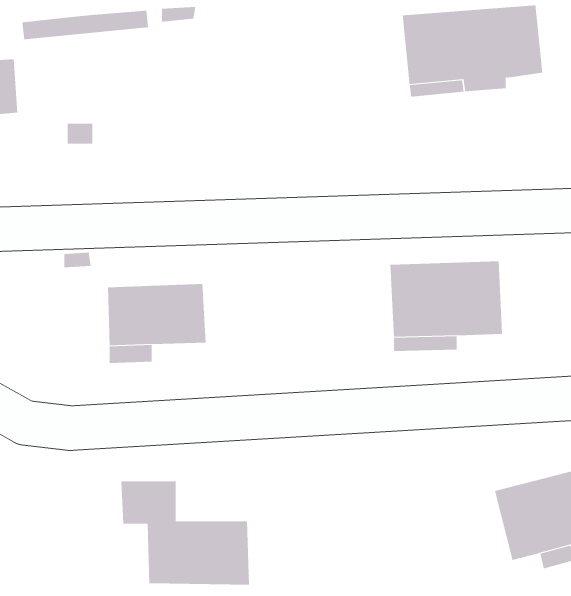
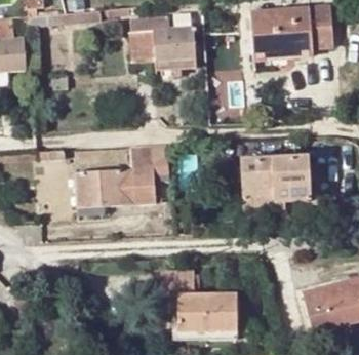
building: none -> [130,16,196,76]
building: none -> [132,146,156,204]
building: [121,481,250,585] -> [161,270,237,331]

